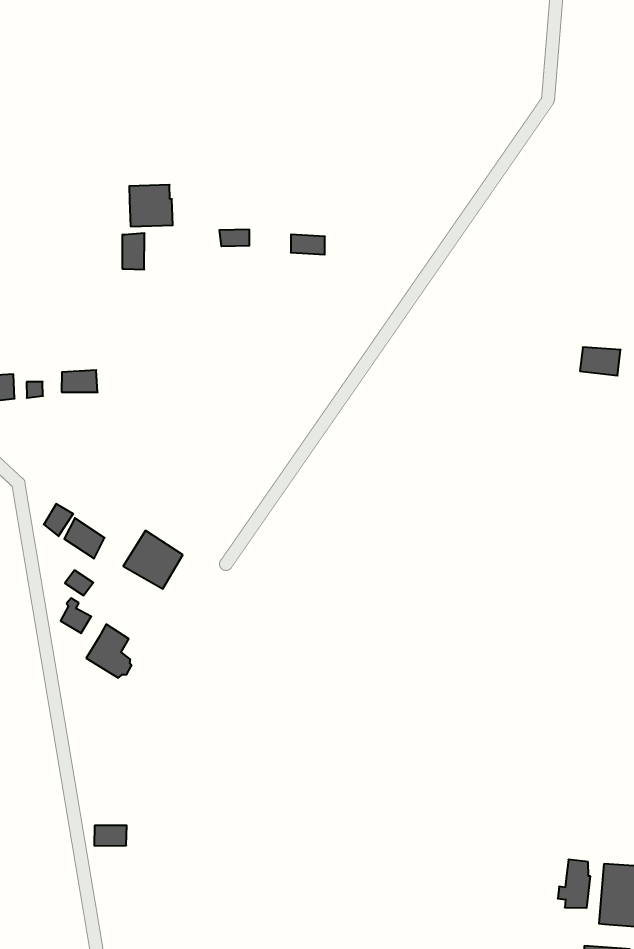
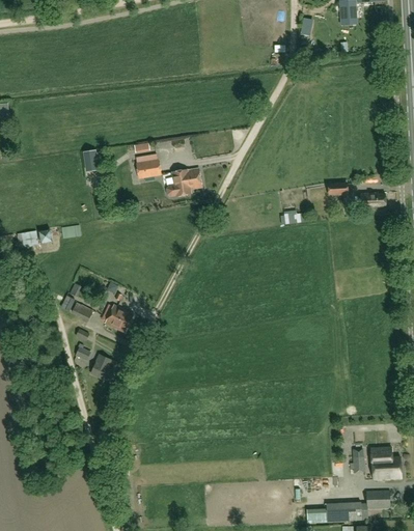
building: [129,185,173,226] -> [135,153,160,177]
building: none -> [166,168,201,196]

